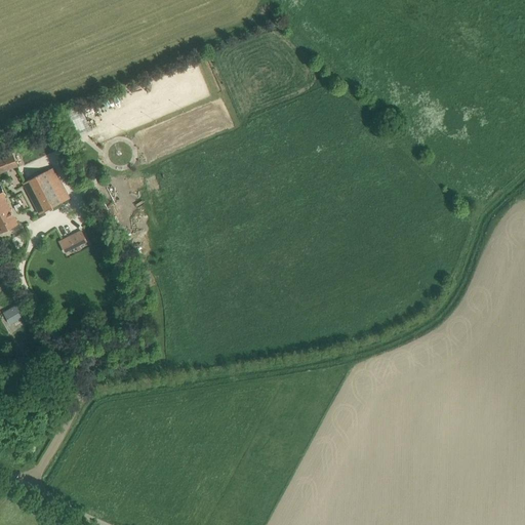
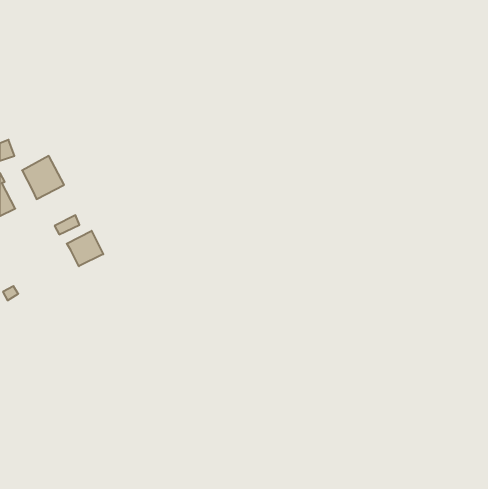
building: none -> [67,231,103,266]

